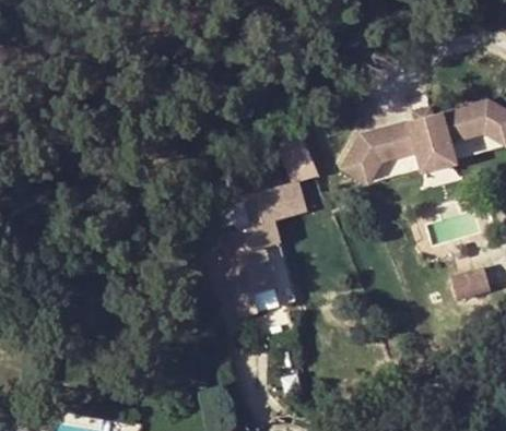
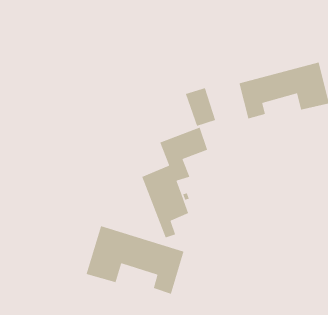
building: none -> [86,225,185,295]

